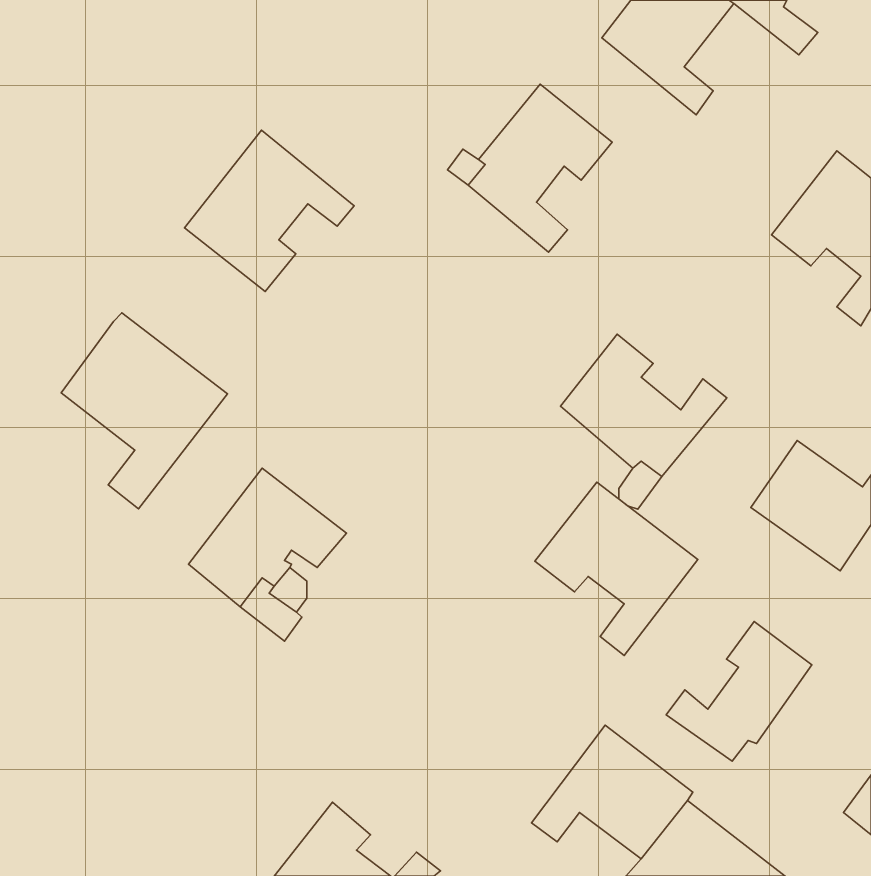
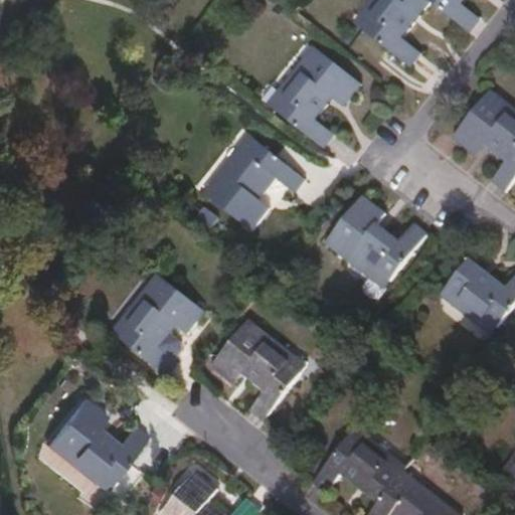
building: [184,130,354,291] -> [203,136,303,230]
building: [61,313,228,509] -> none
building: [535,482,698,655] -> [210,320,306,421]
building: [666,621,812,761] -> none
building: none -> [44,397,146,490]

